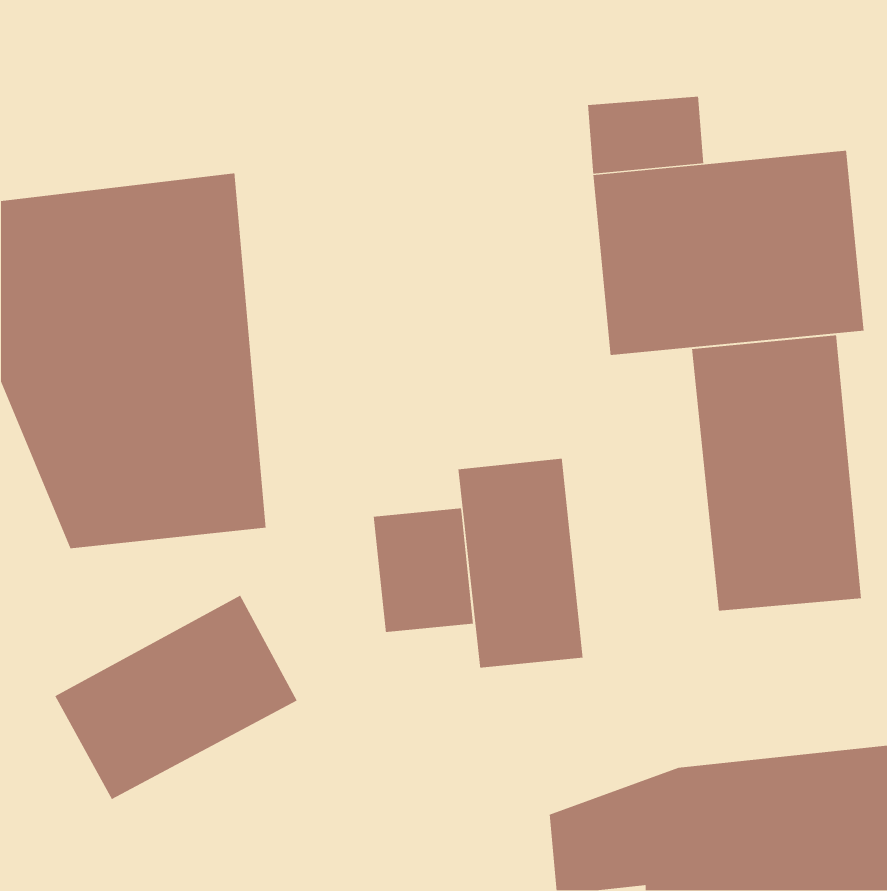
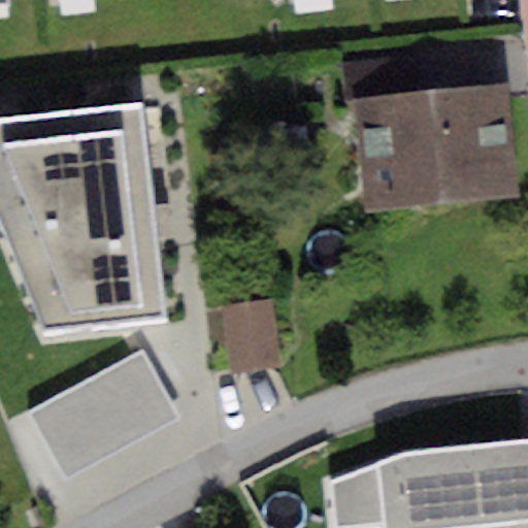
building: [691,335,862,611] -> none
building: [458,458,583,668] -> none

